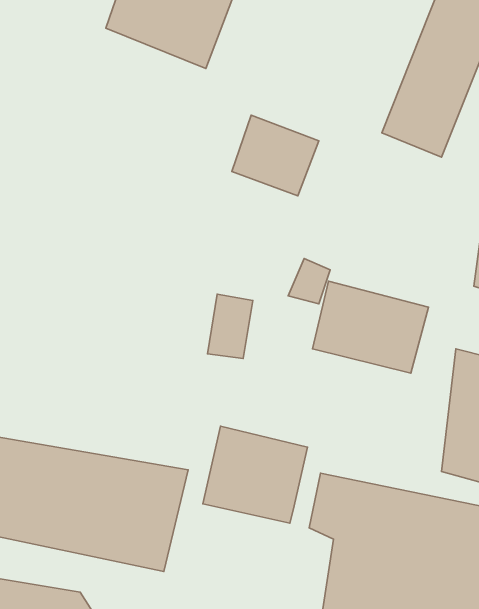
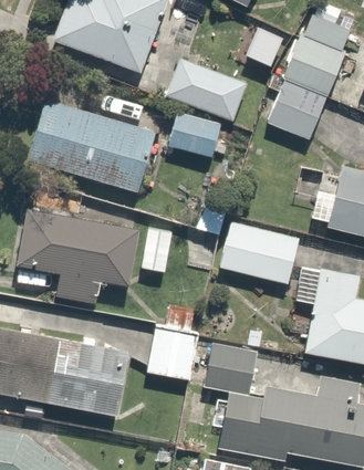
building: none -> [159,54,250,122]
building: none -> [28,96,159,199]
building: none -> [19,211,142,306]

